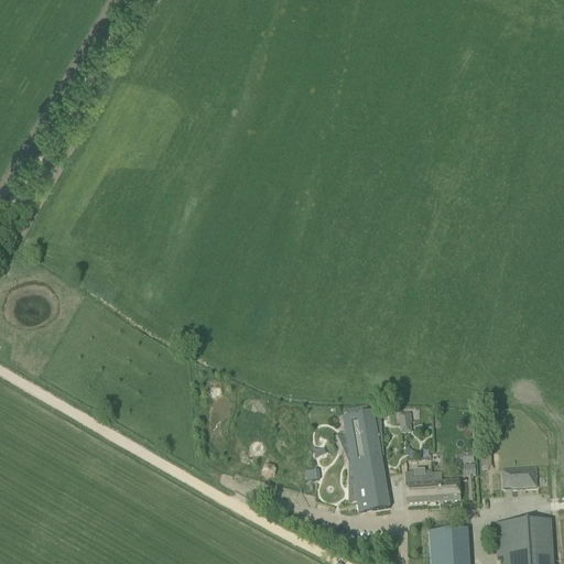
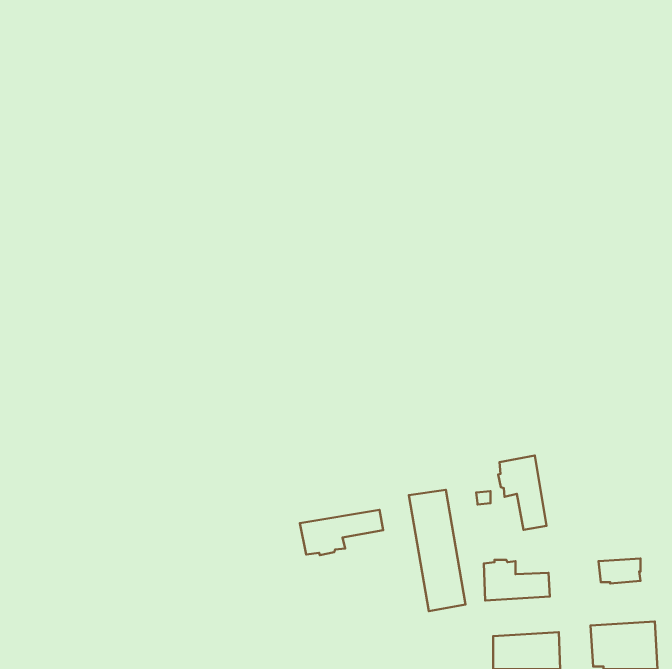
building: none -> [498,455,546,530]
building: none -> [300,510,383,555]

